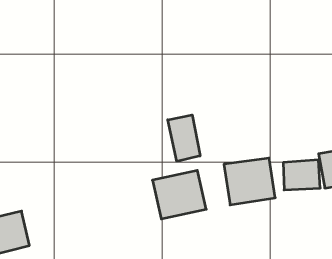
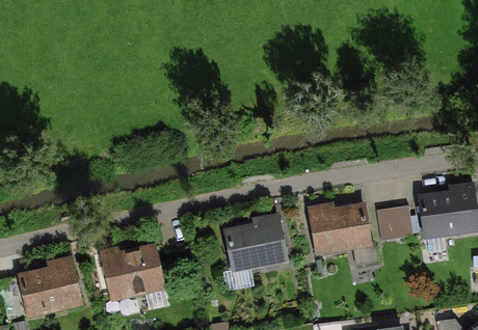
building: [168,115,200,161] -> none
building: none -> [106,242,164,297]

